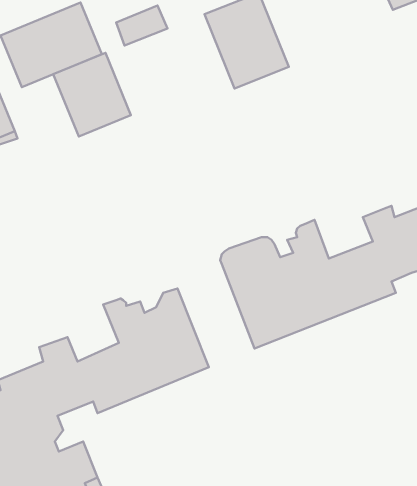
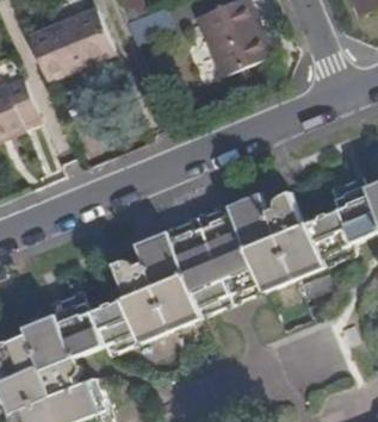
building: [53,53,131,136] -> none
building: none -> [136,191,272,314]

